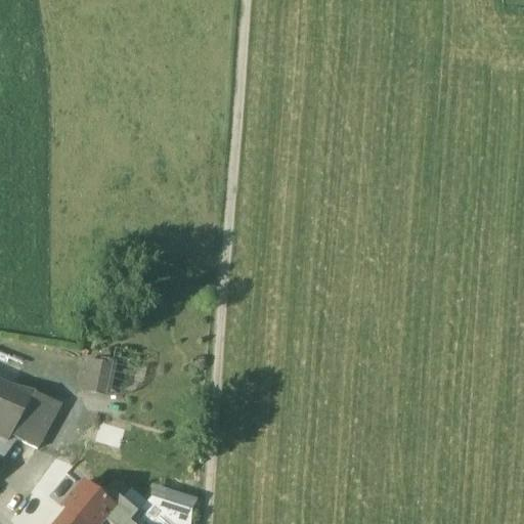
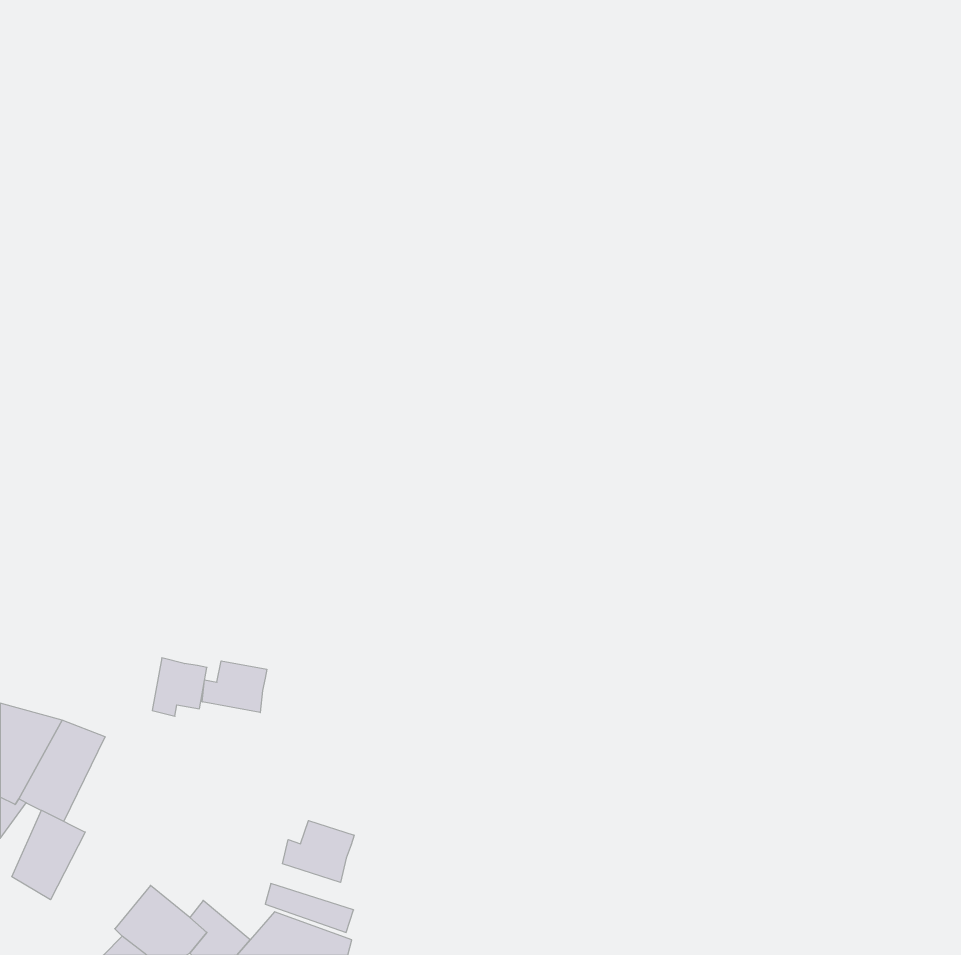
building: none -> [202,661,267,713]
building: none -> [12,810,85,900]
building: none -> [282,821,354,882]

